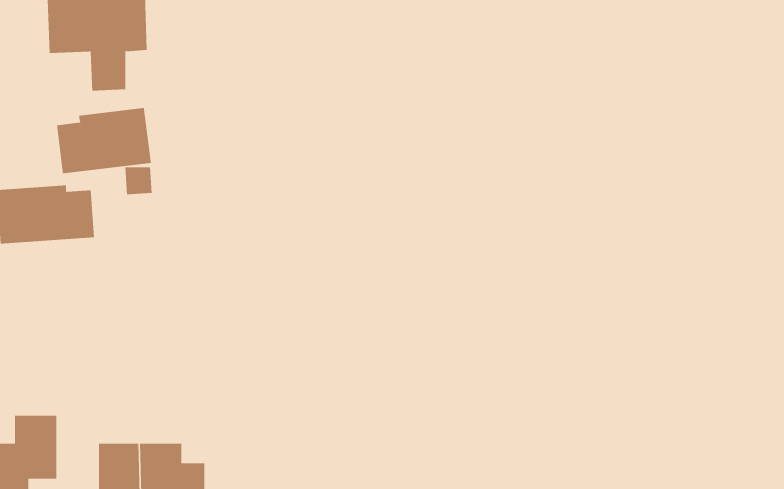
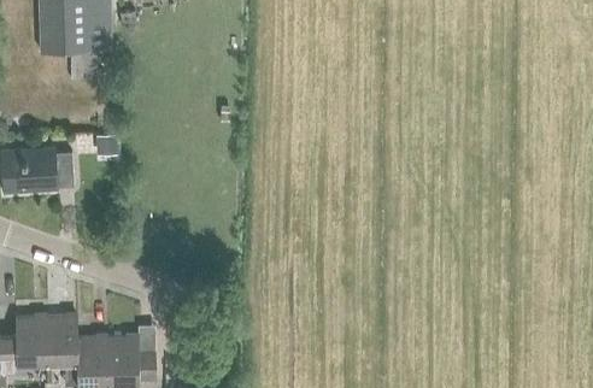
building: [57,107,151,174] -> none
building: none -> [46,316,76,364]

